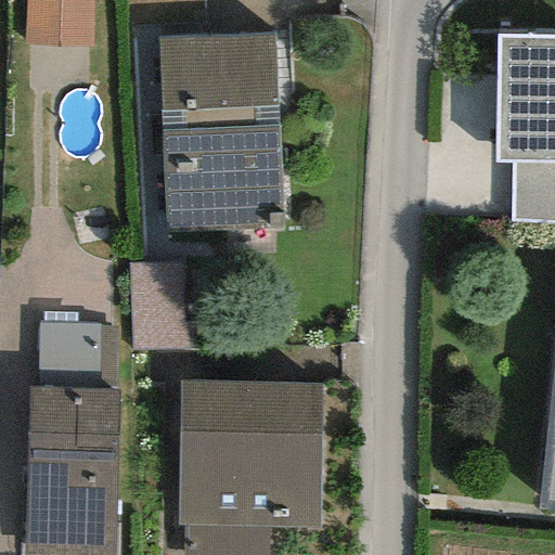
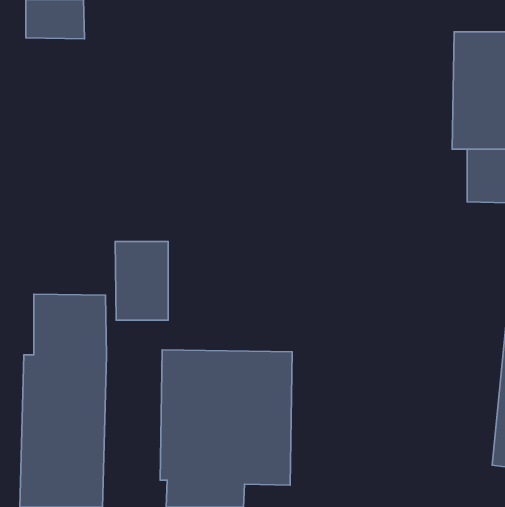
building: [160,30,283,229] -> none

